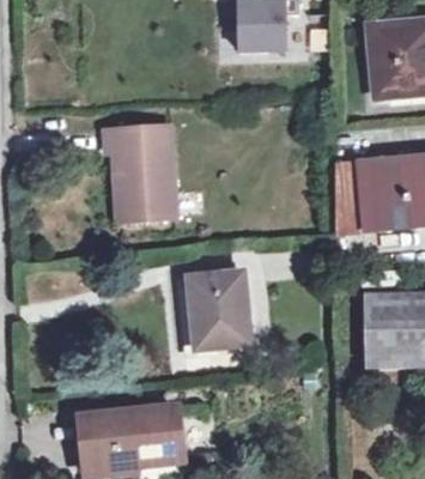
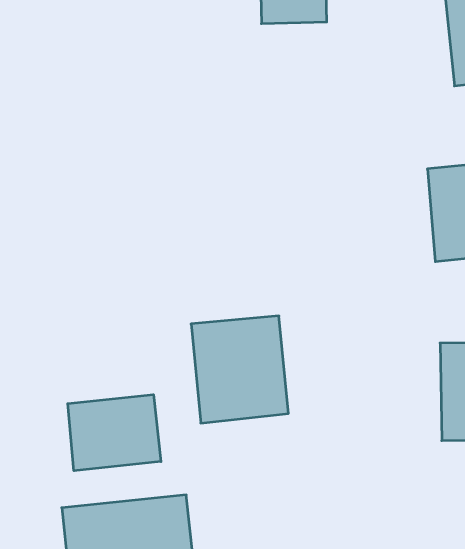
building: [107,122,176,216] -> none
building: [335,162,364,234] -> none
building: none -> [68,395,161,471]

